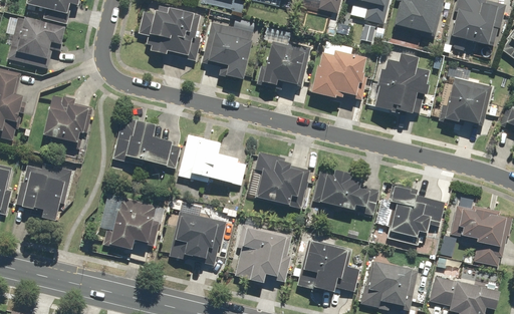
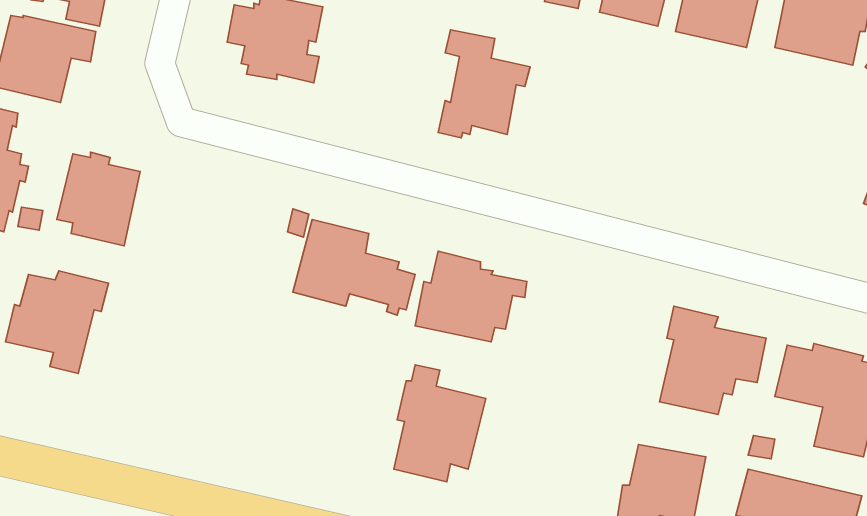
building: [202,19,253,79] -> none
building: [311,41,366,100] -> none
building: [373,54,430,111] -> none
building: [439,77,491,124] -> none
building: [112,118,172,166] -> none
building: [314,169,378,215] -> none
building: [99,194,164,249] -> none
building: [169,211,225,260] -> none
building: [296,239,360,291] -> none

